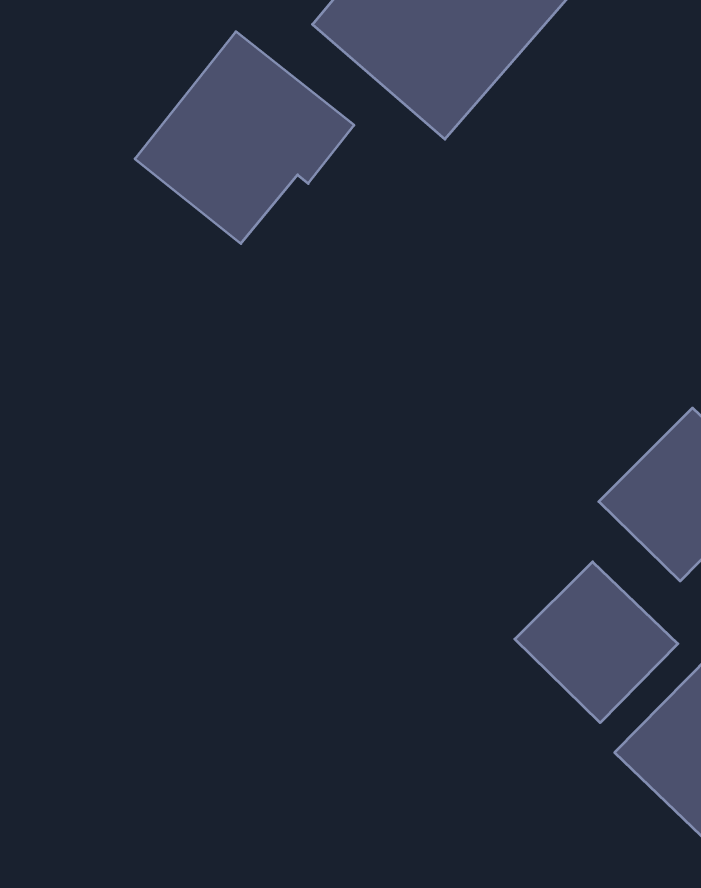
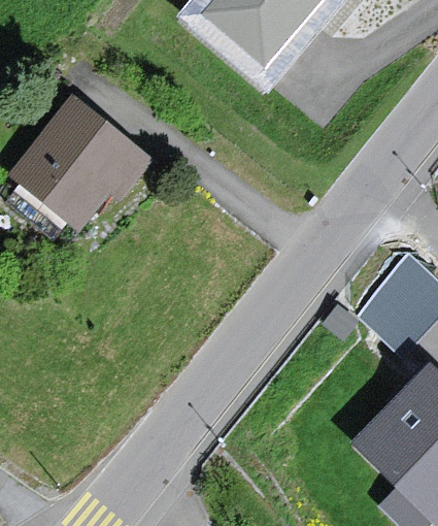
building: [135,32,354,244] -> [20,105,147,229]
building: [515,562,678,723] -> none

